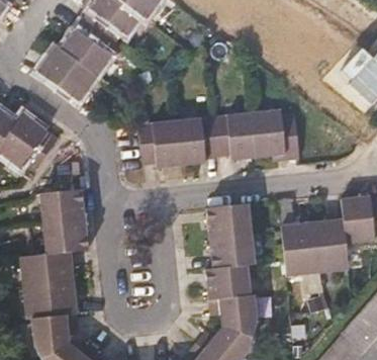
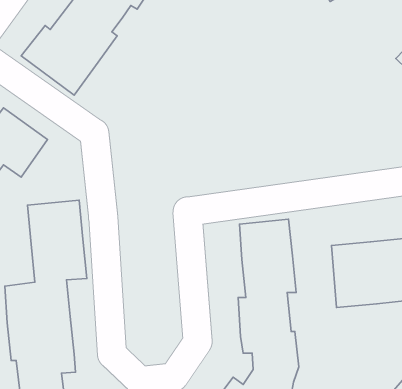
building: [136,110,300,167] -> none

